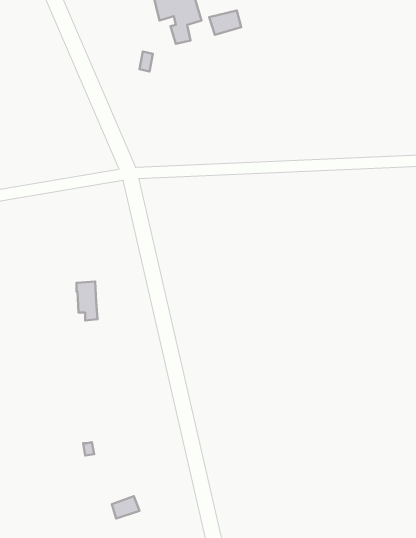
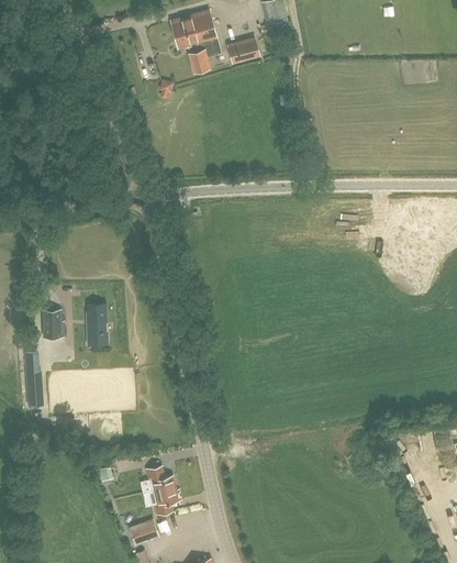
building: none -> [41,308,62,335]
building: none -> [145,464,178,512]

